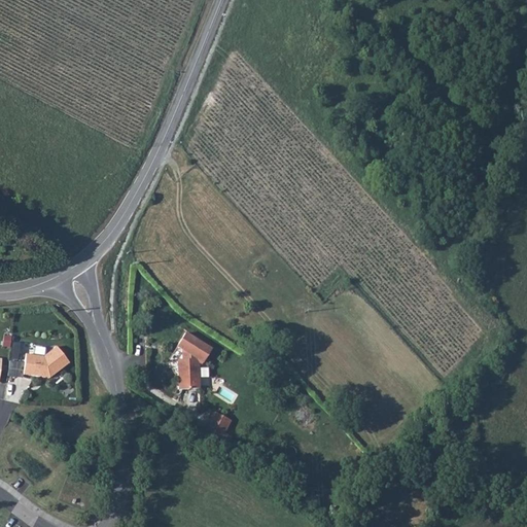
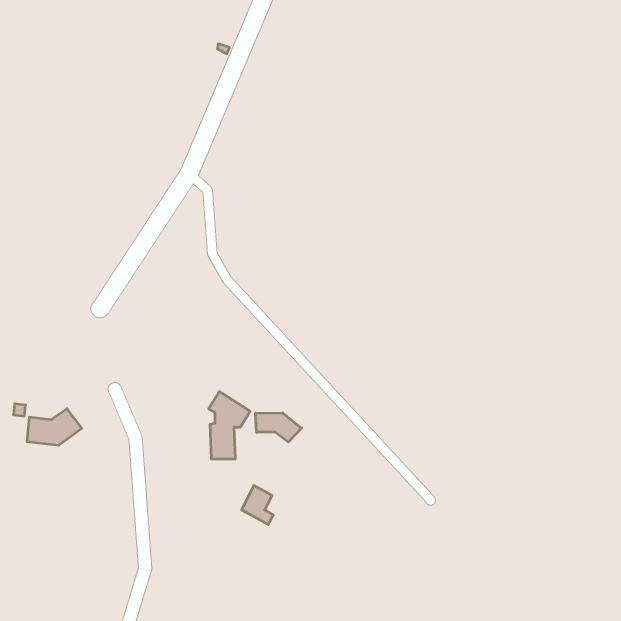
building: none -> [256,413,302,442]

